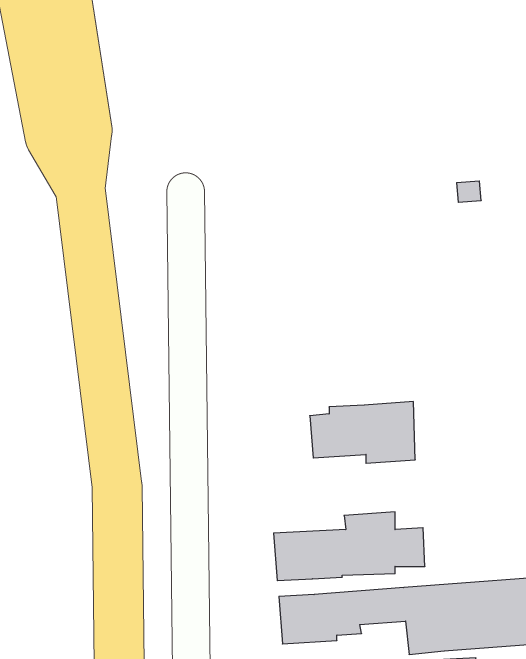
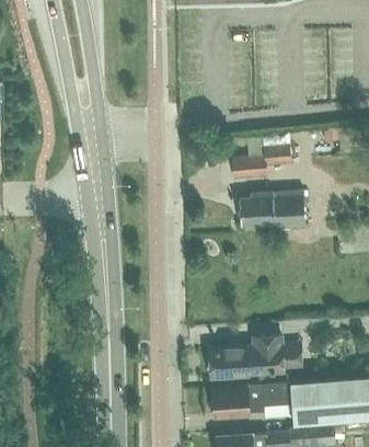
building: none -> [231,134,291,179]
building: [310,402,415,463] -> [238,191,303,229]

